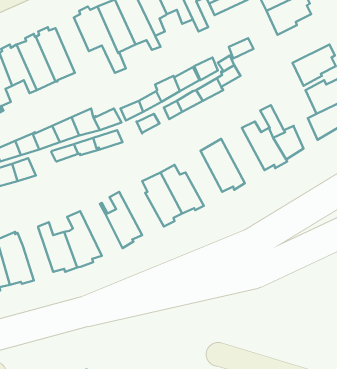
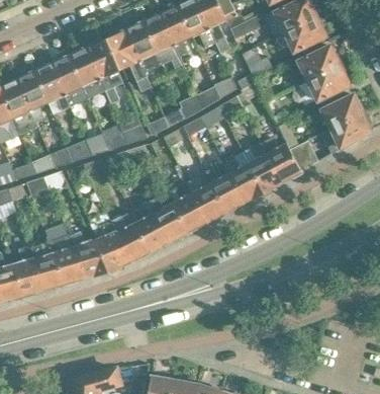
building: none -> [86,36,122,103]
building: none -> [292,47,342,86]
building: none -> [241,143,281,194]
building: none -> [206,164,242,216]
building: none -> [146,196,187,243]
building: none -> [109,214,149,262]
building: none -> [51,234,84,286]

